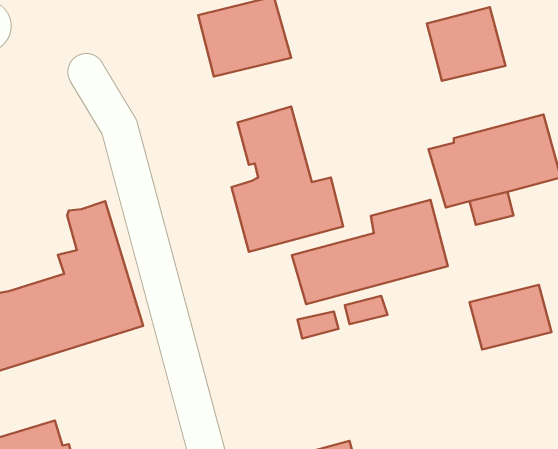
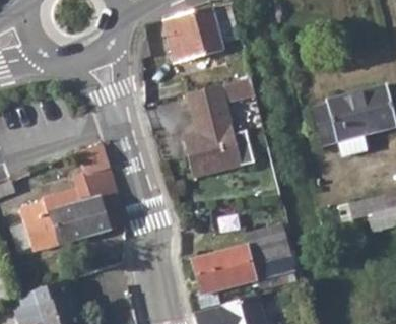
building: [427,7,506,81] -> none
building: [292,200,448,304] -> [192,224,292,291]

